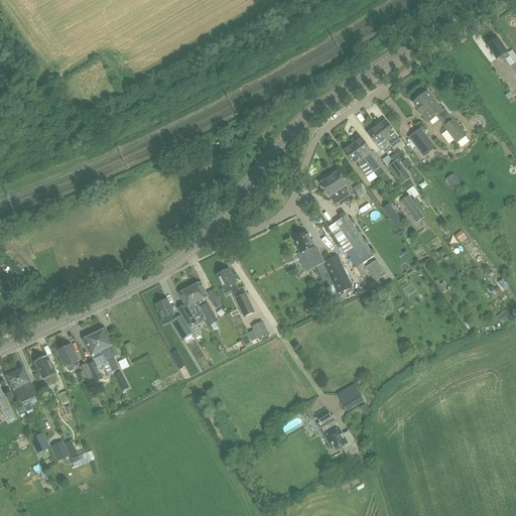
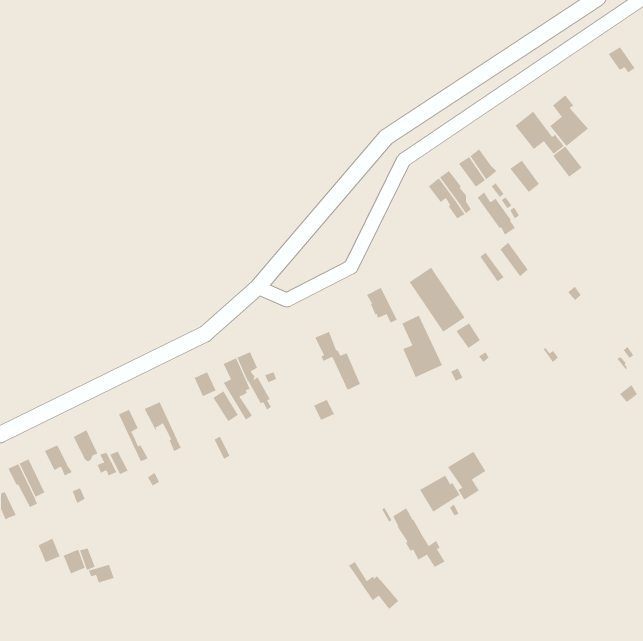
building: none -> [550,95,589,147]
building: [319,170,350,204] -> none
building: [217,268,254,315] -> [314,331,361,390]
building: [82,332,112,372] -> [144,401,182,452]
building: none -> [447,451,486,501]
building: none -> [348,561,399,610]

